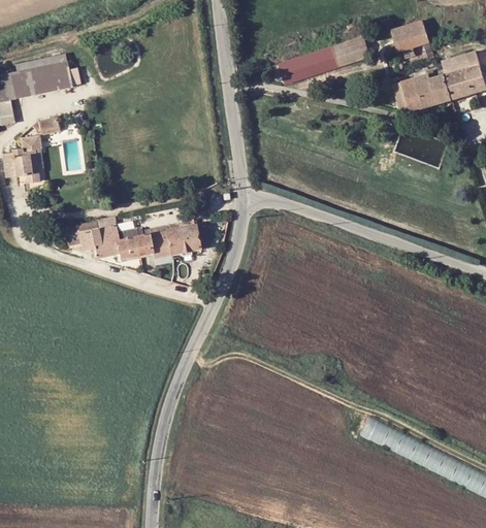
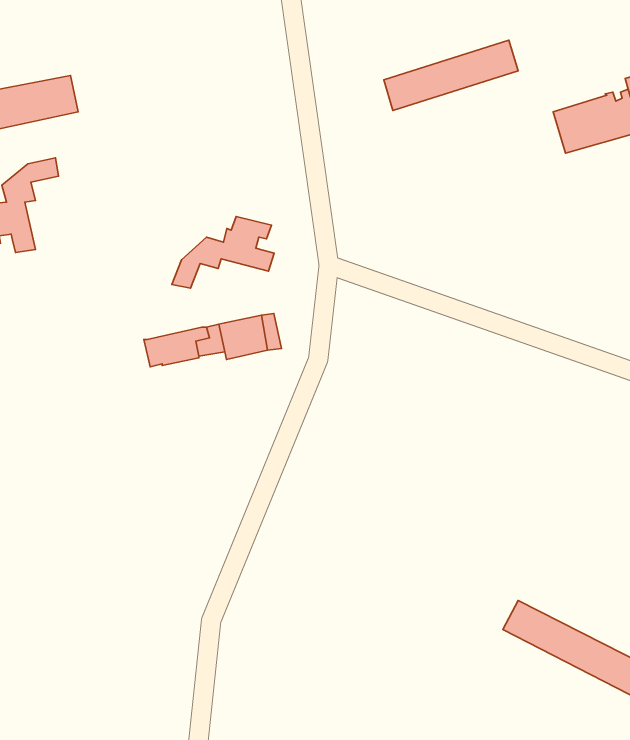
building: [391,21,434,60] -> none
building: none -> [172,216,274,288]
building: [78,224,120,257] -> none

